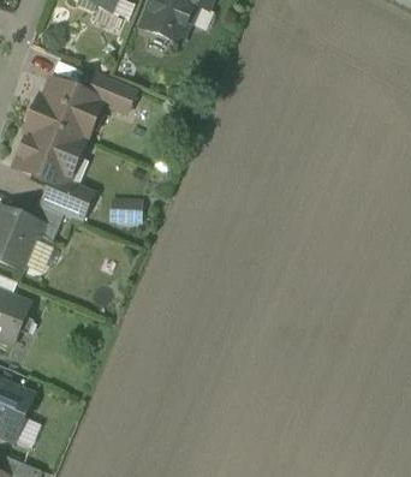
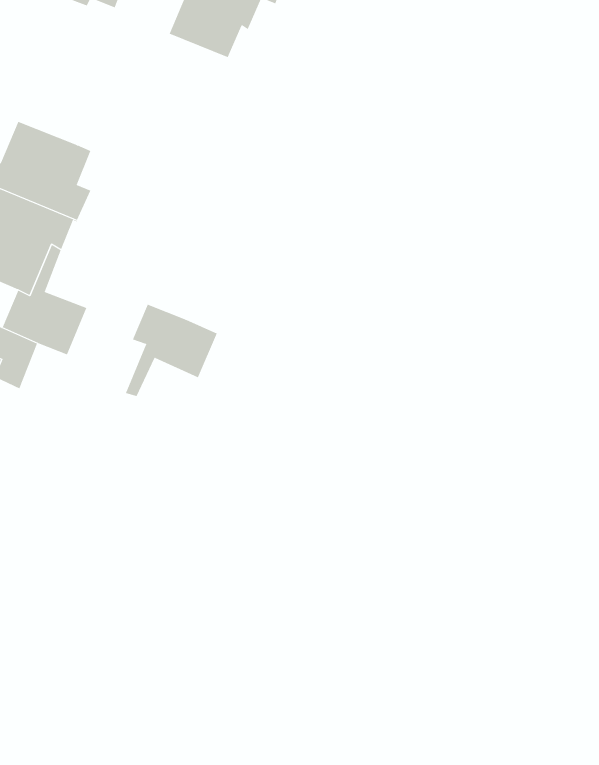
building: [87,72,136,121] -> none
building: none -> [125,304,218,397]

